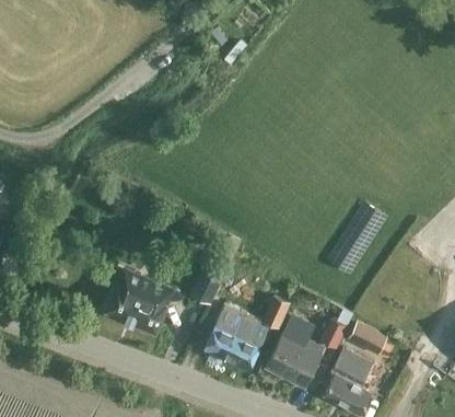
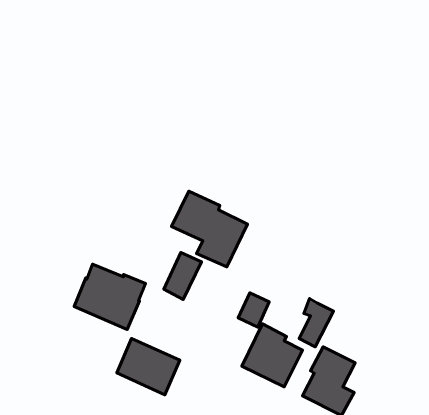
building: none -> [172,191,248,267]
building: [205,315,265,369] -> [117,339,180,395]
building: [348,322,387,354] -> none

